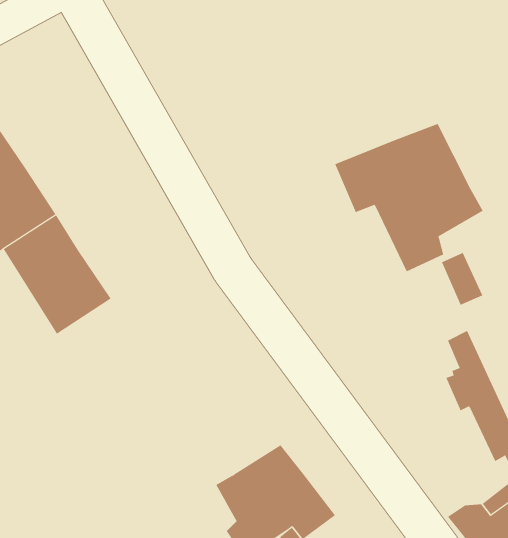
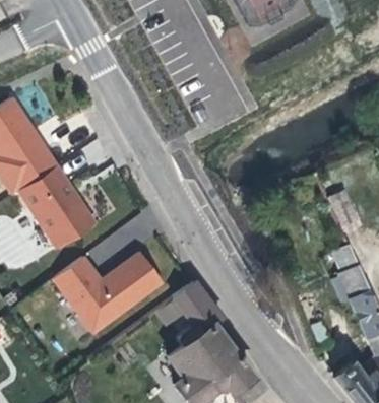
building: [335,123,483,272] -> none
building: none -> [54,253,165,334]
building: none -> [176,281,223,348]

